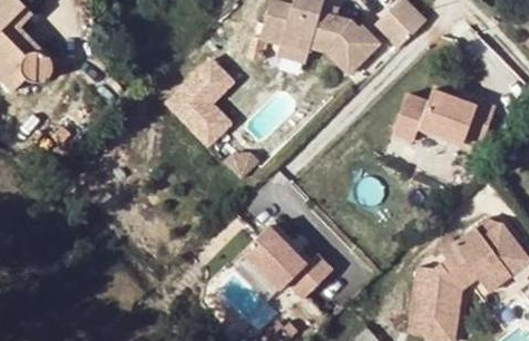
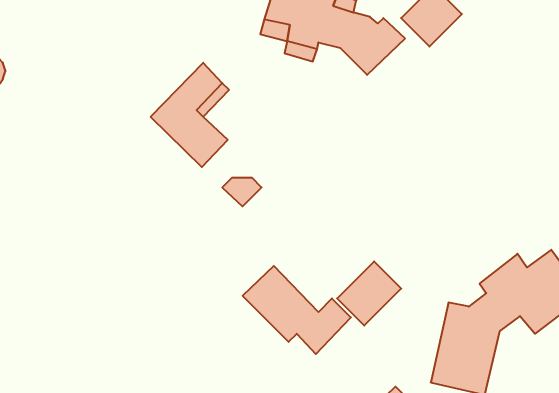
building: [394,91,498,147] -> none
building: none -> [337,261,401,326]

